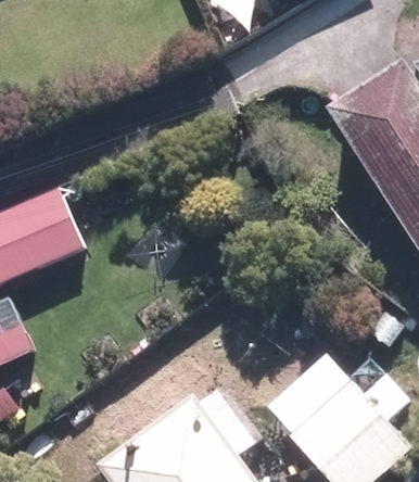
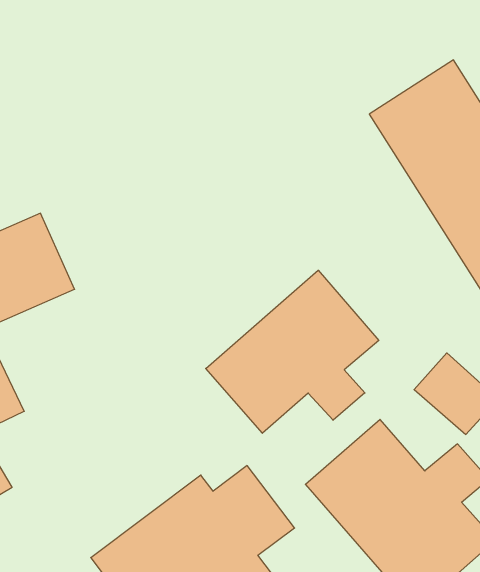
building: none -> [206,270,379,433]

